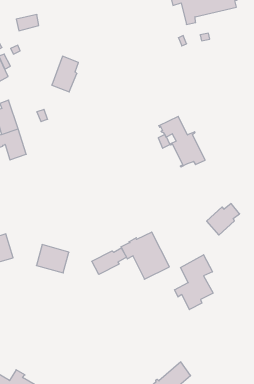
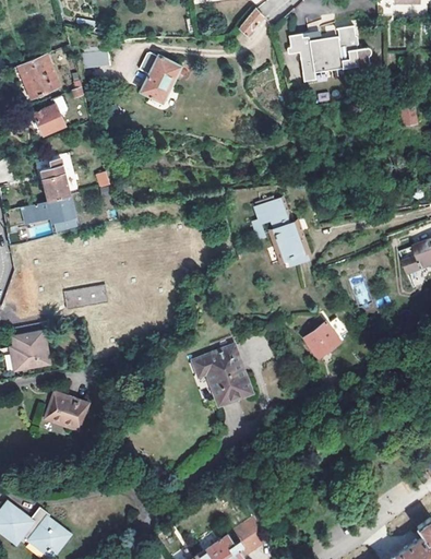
building: [52,56,78,92] -> [141,57,178,104]
building: none -> [69,286,101,310]
building: [36,245,69,273] -> [44,391,87,430]
building: [92,248,126,274] -> none
building: [175,255,213,310] -> none

